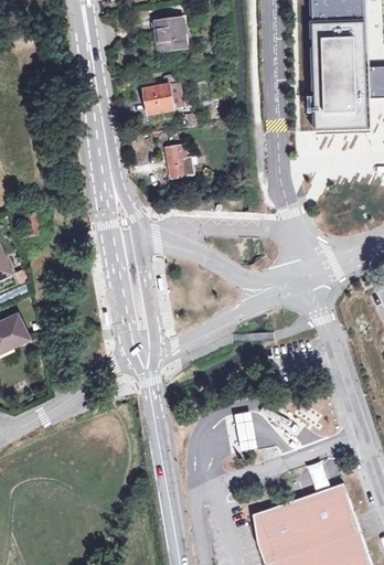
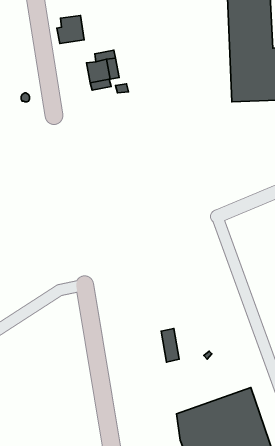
building: [153,18,186,52] -> [57,15,84,44]
building: [167,145,193,178] -> none

